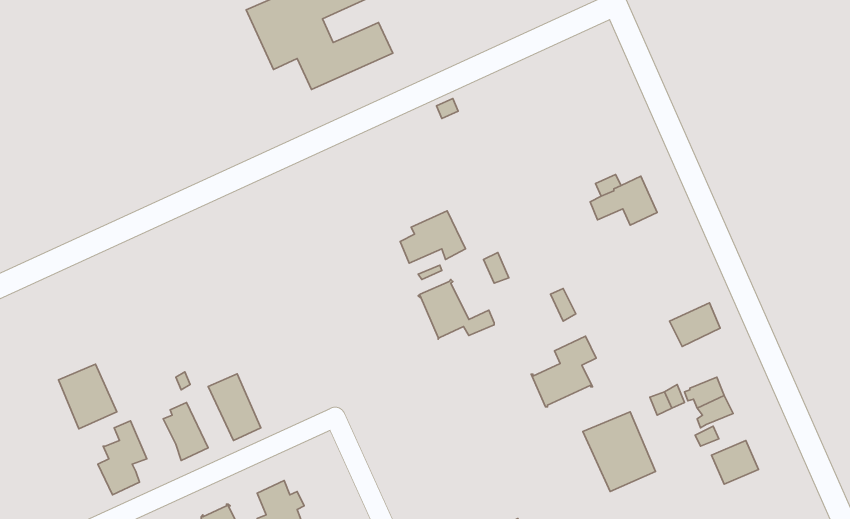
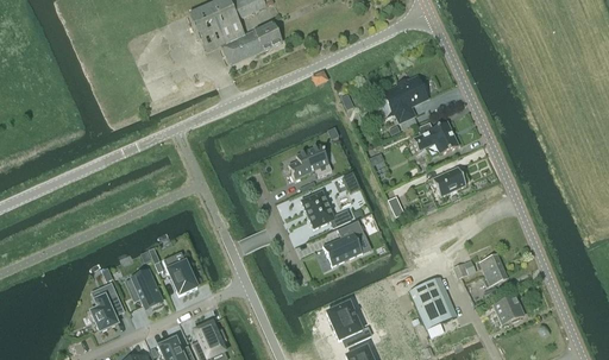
building: none -> [383,75,428,121]
building: [670,303,720,346] -> [433,166,466,195]
building: [531,336,596,407] -> [322,219,365,265]
building: [58,364,117,429] -> none
building: none -> [327,302,371,341]

